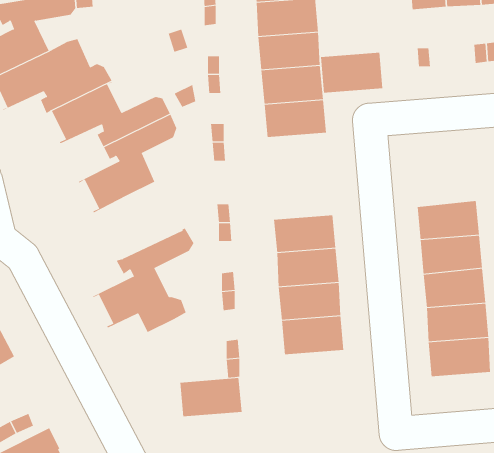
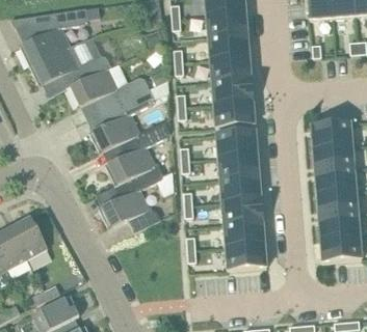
building: [320,52,383,93] -> [213,101,255,128]
building: none -> [104,120,169,184]
building: none -> [310,122,351,149]
building: none -> [215,131,257,158]
building: [179,378,242,417] -> [225,244,266,270]

